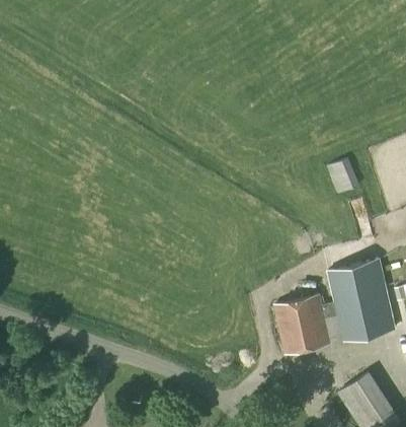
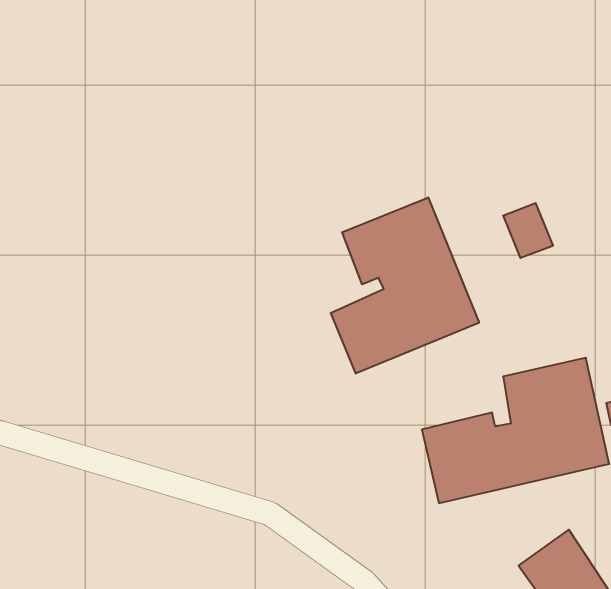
building: none -> [331,197,479,374]

